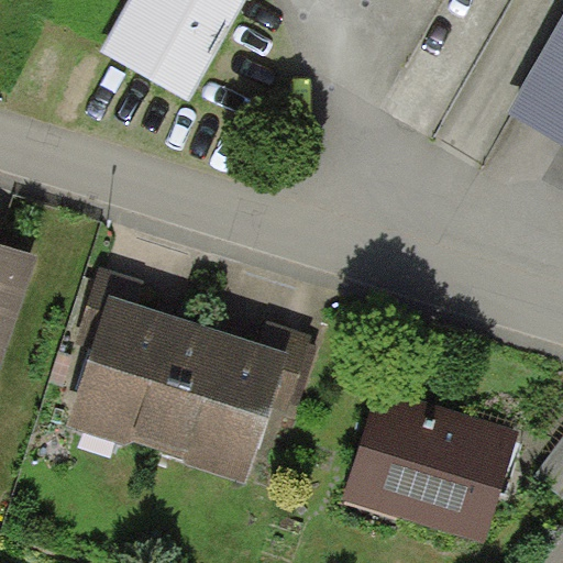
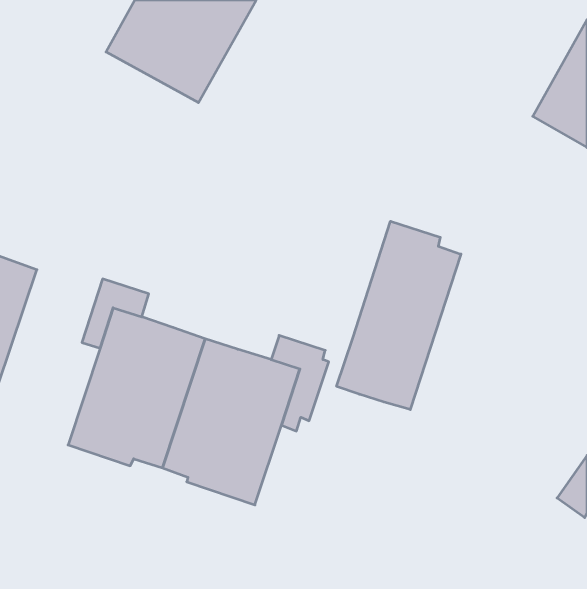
building: none -> [337,221,461,410]
building: [343,390,520,547] -> none

